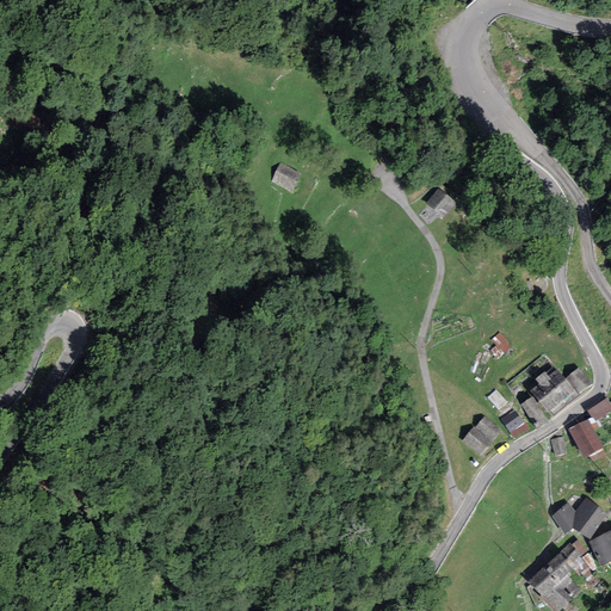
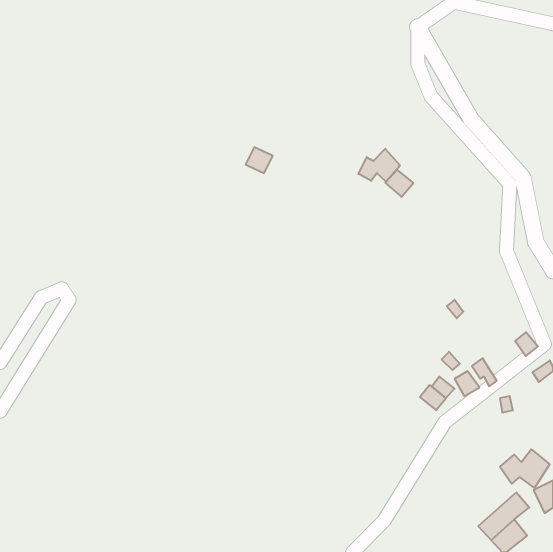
building: none -> [358,149,400,182]
building: [531,369,578,415] -> none
building: [568,418,604,457] -> none

